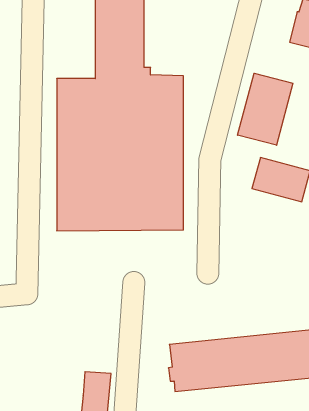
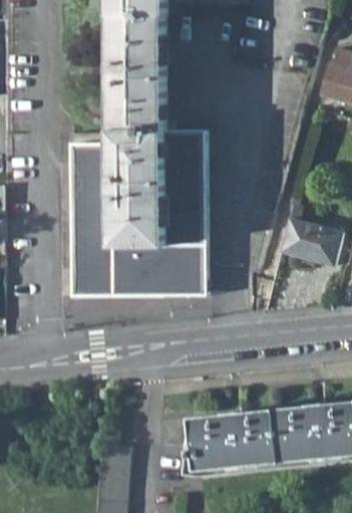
building: [238,73,293,145] -> none

